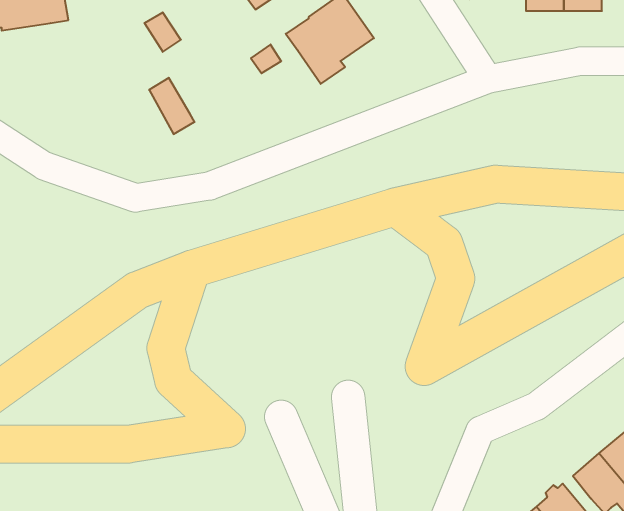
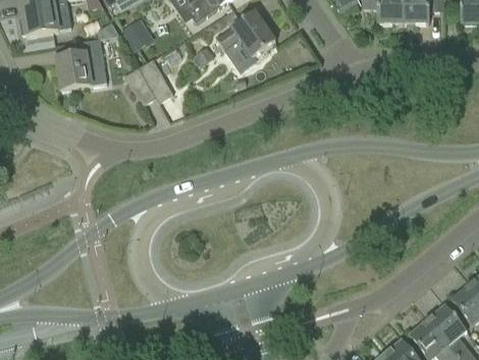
building: none -> [55,39,107,89]
building: none -> [139,58,173,102]

